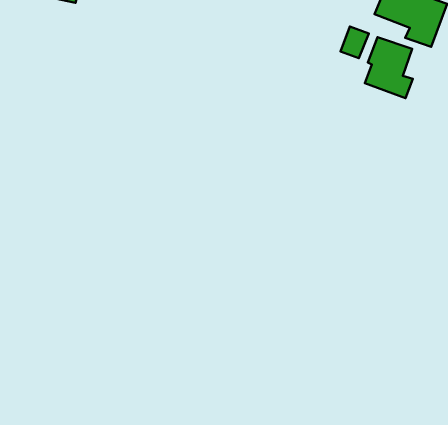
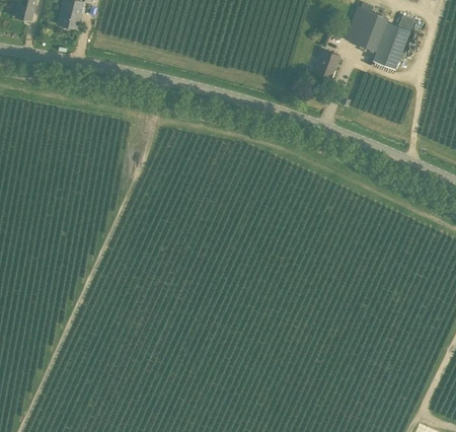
building: [365,37,413,98] -> none

